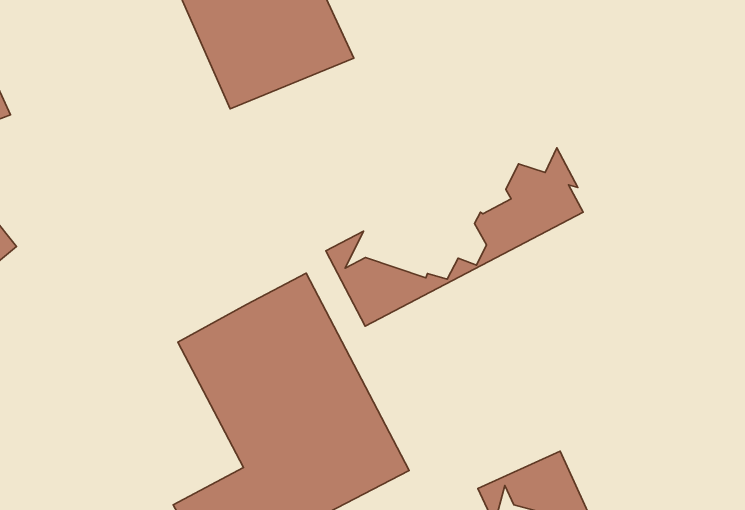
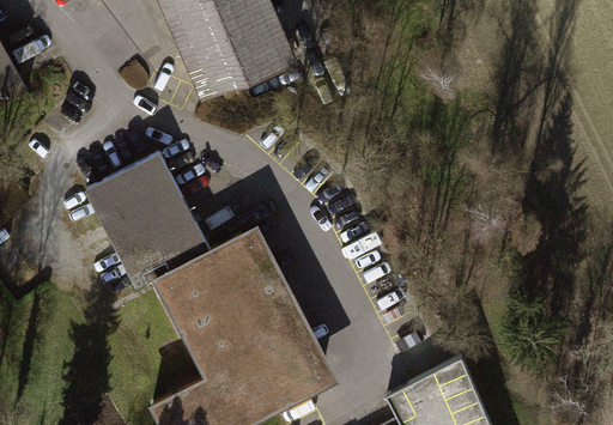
building: [326,148,583,326] -> none
building: none -> [80,150,206,285]

